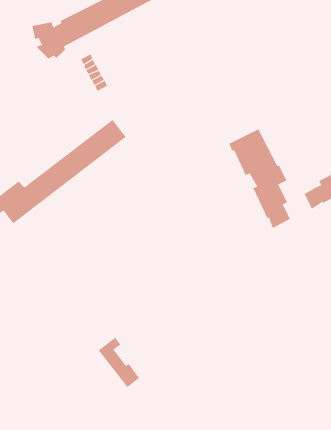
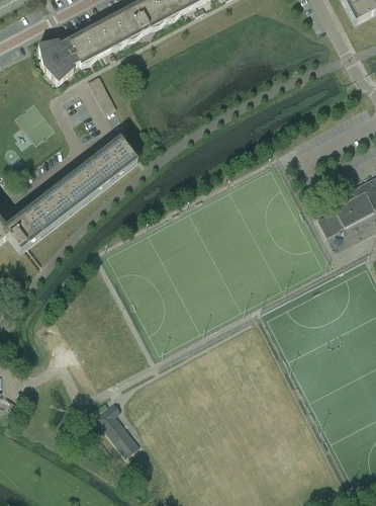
building: [229,128,291,229] -> none
building: [98,337,140,388] -> [96,403,139,455]

